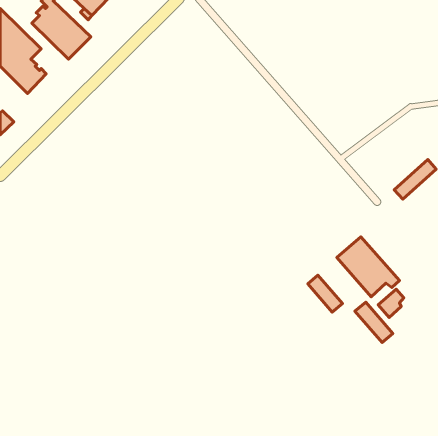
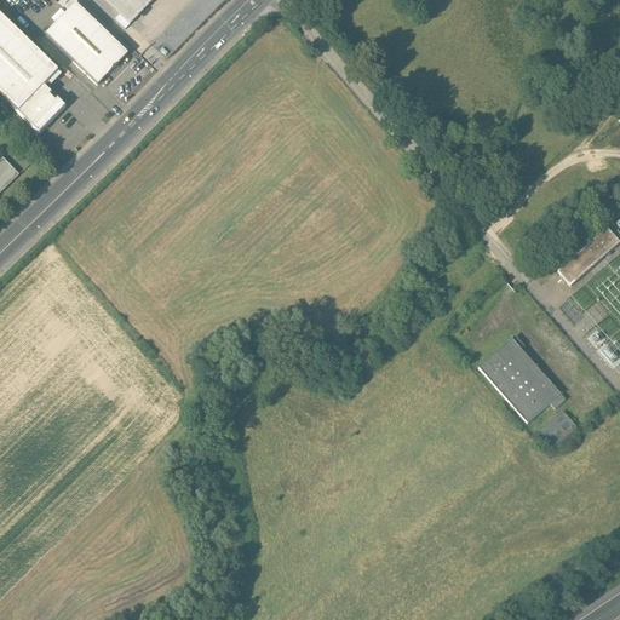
building: [308,275,343,312] -> none
building: [355,302,393,343] -> none

